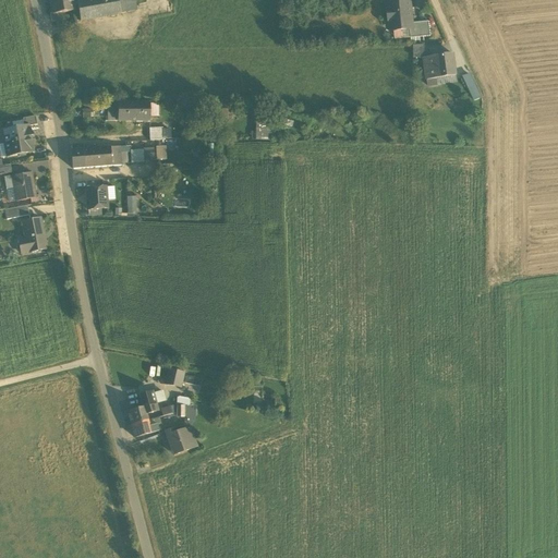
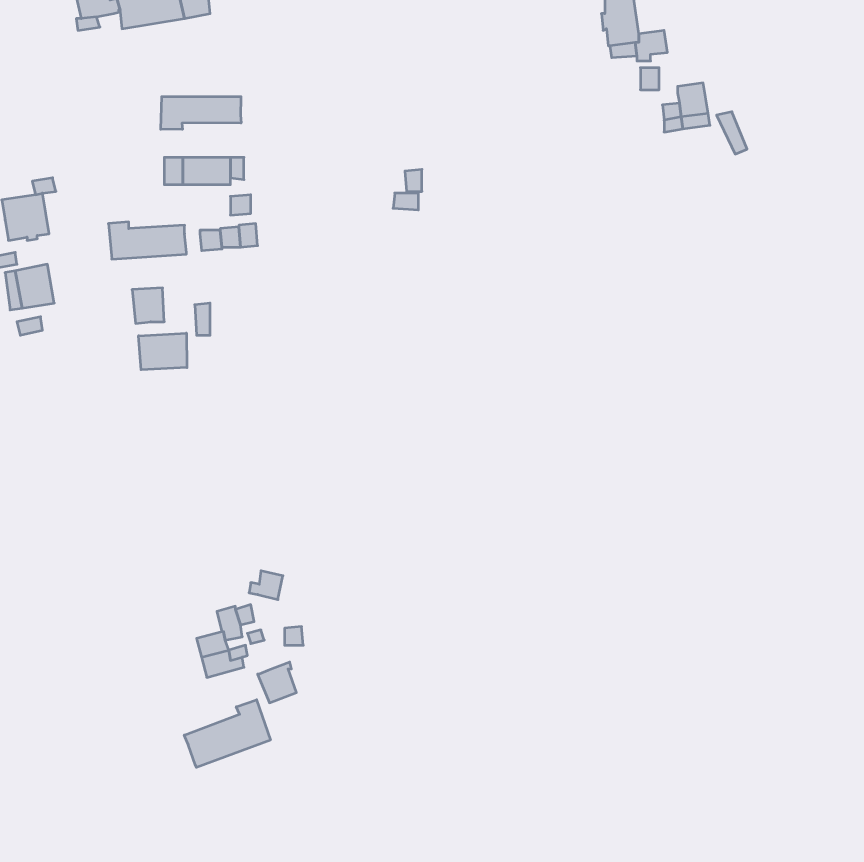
building: none -> [161,97,241,129]
building: none -> [139,333,187,370]
building: [17,216,45,251] -> none
building: none -> [184,700,270,767]

